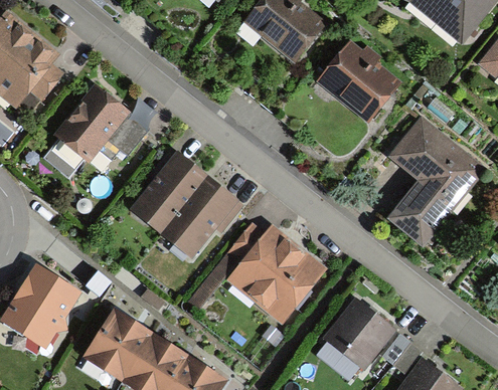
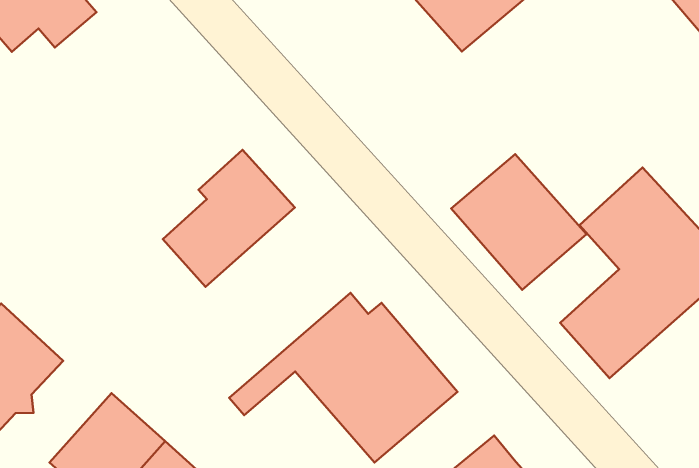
building: [316,41,402,125] -> [451,154,587,290]
building: [45,84,148,177] -> none
building: [161,176,245,261] -> none

